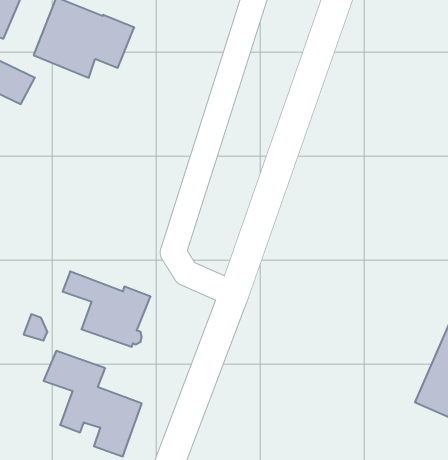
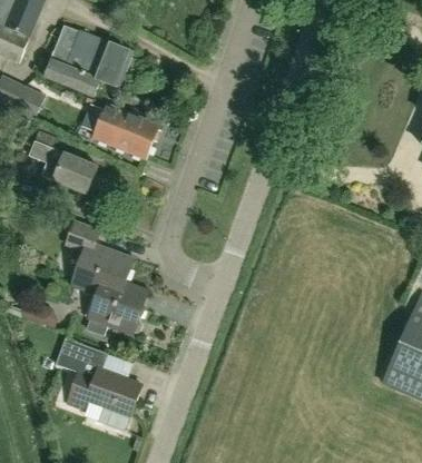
building: none -> [94,104,159,157]
building: none -> [30,140,98,194]
building: none -> [67,220,135,285]

